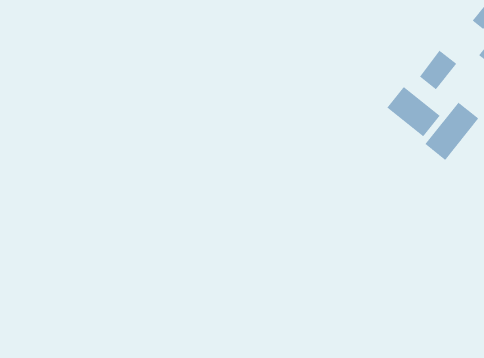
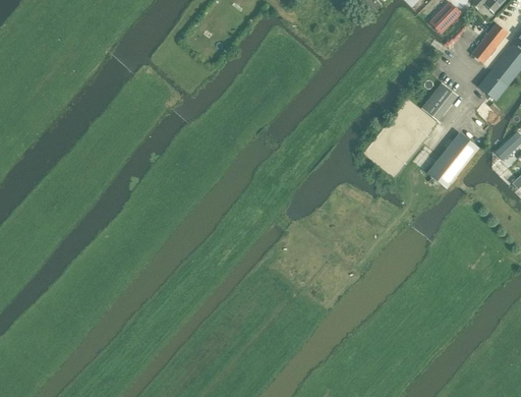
building: [387,86,440,137] -> none

